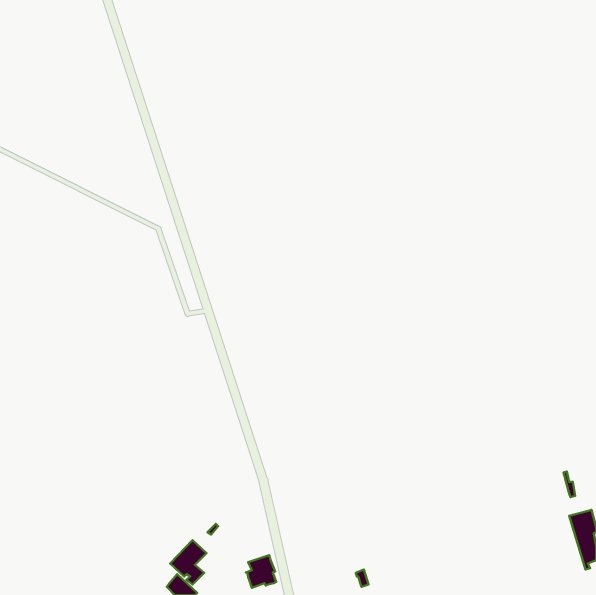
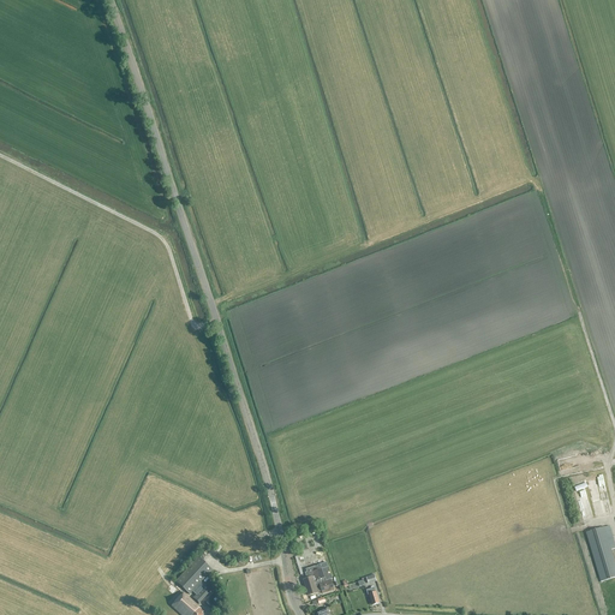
building: [246,555,276,588] -> [303,561,334,595]

